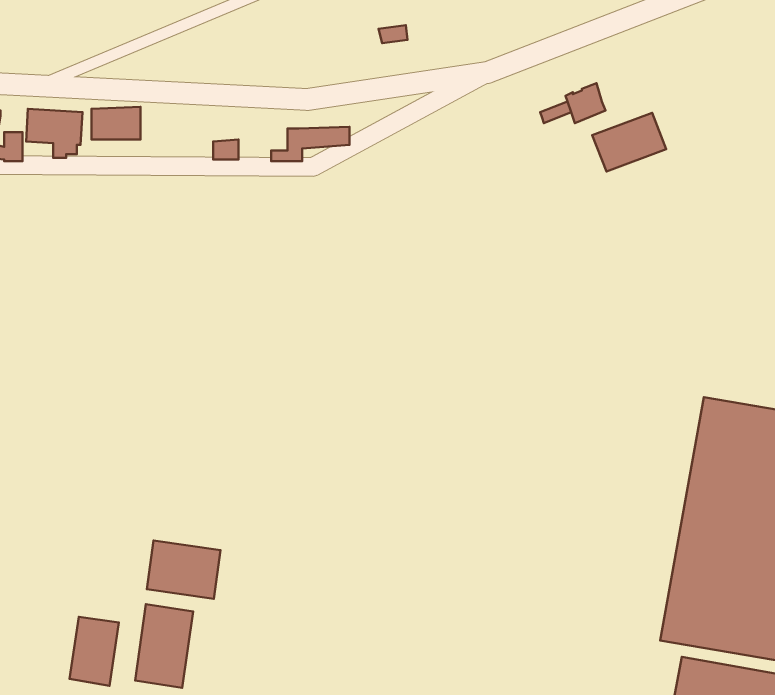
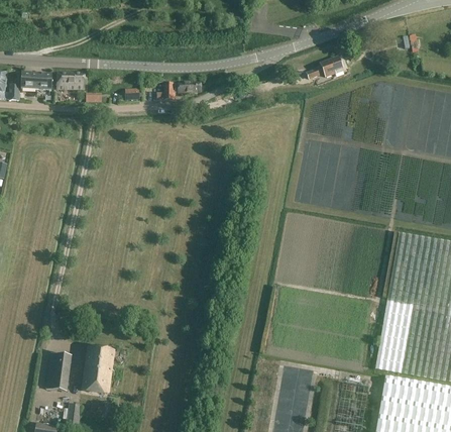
building: [592,113,666,172] -> none
building: [147,541,220,599] -> none

